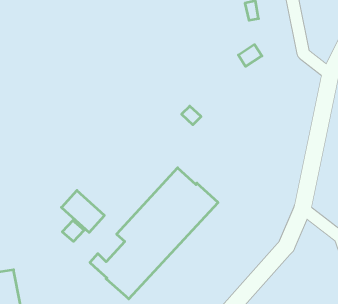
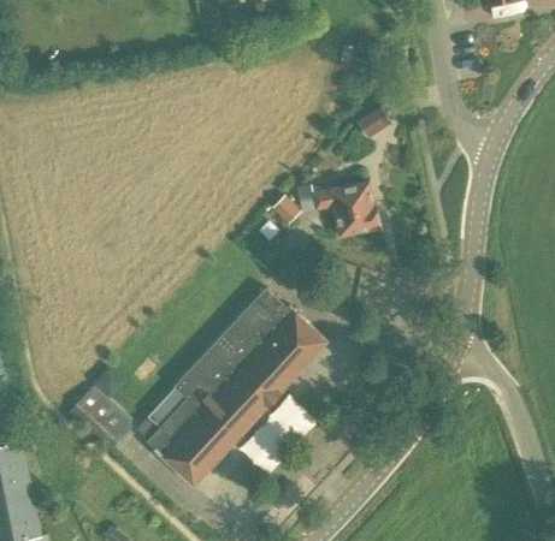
building: none -> [300,182,380,234]
building: [61,190,104,232] -> [69,388,132,451]

